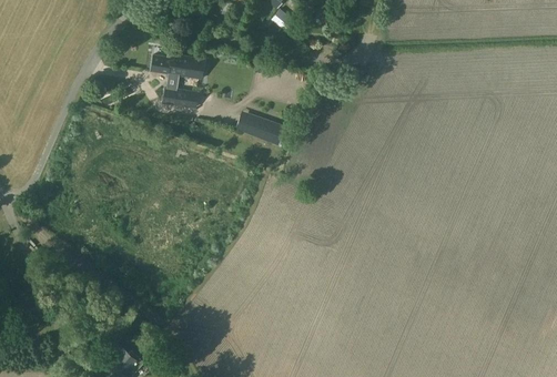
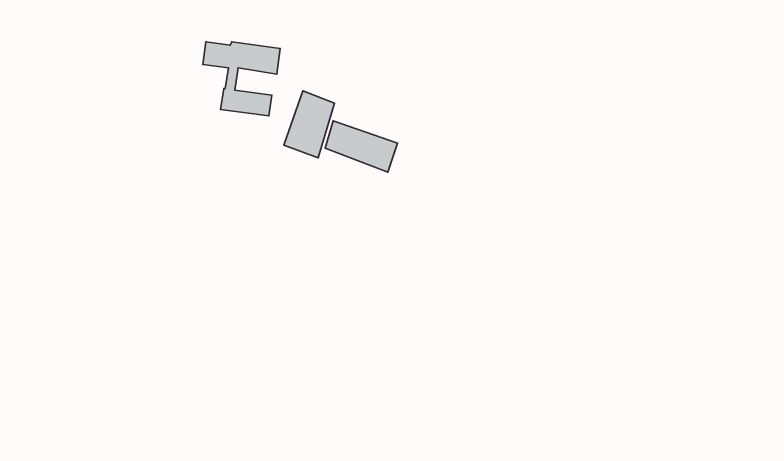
building: none -> [284,91,335,158]

